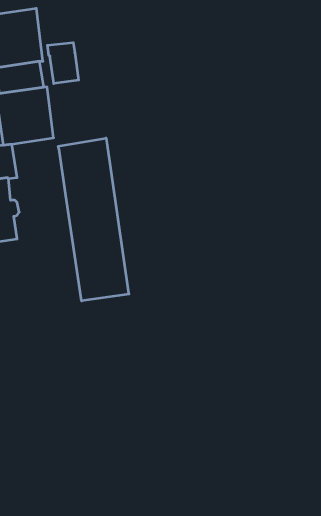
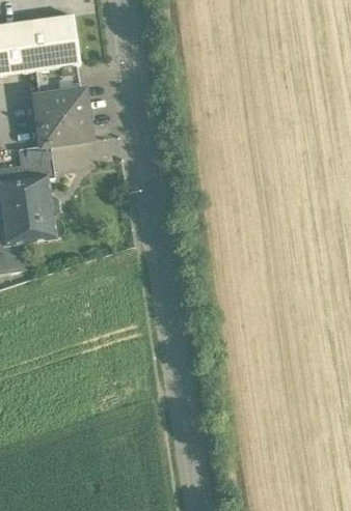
building: [47,43,79,84] -> none
building: [58,138,129,301] -> none

